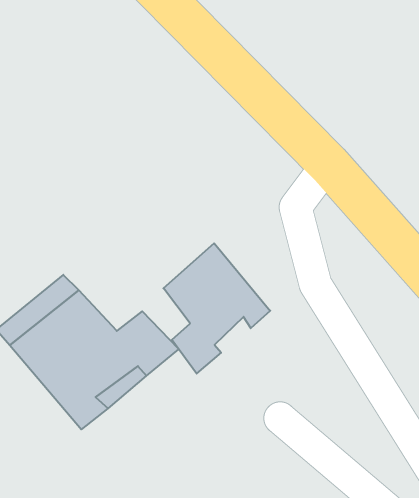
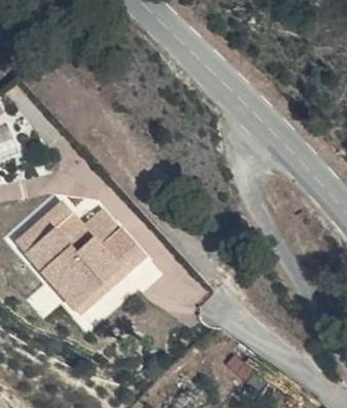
building: [163,243,270,374] -> none

